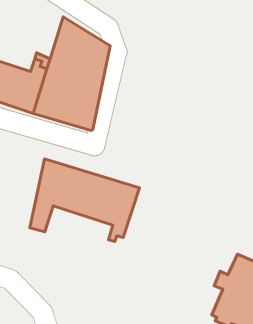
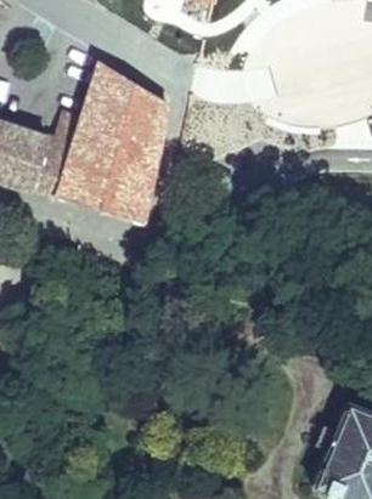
building: [30,159,140,241] -> none

